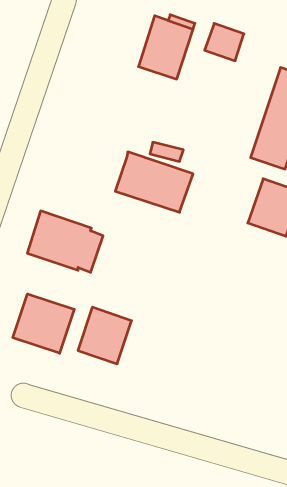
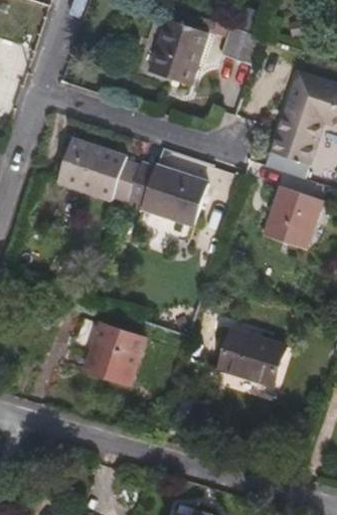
building: [27,211,103,272] -> [56,139,136,203]
building: [13,294,74,353] -> none
building: none -> [217,330,282,383]

